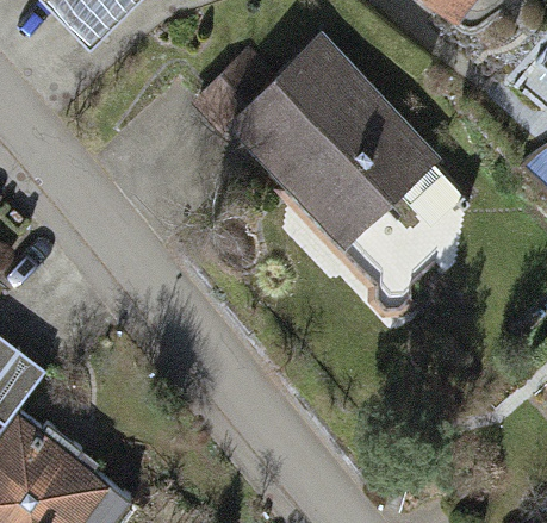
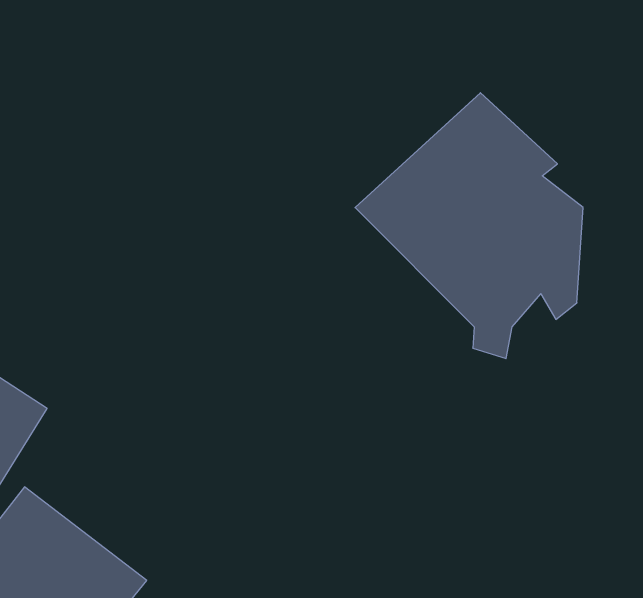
building: [188,38,390,197] -> none

